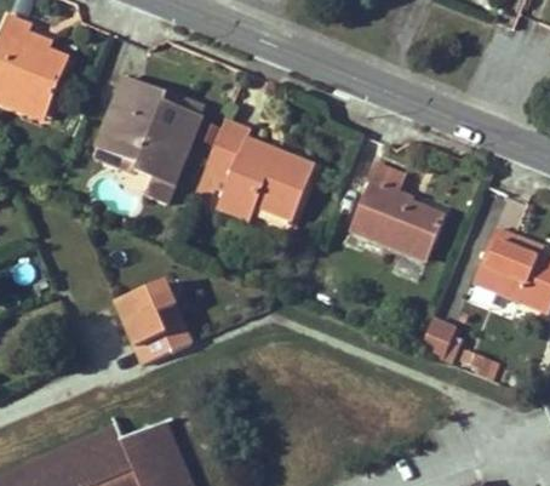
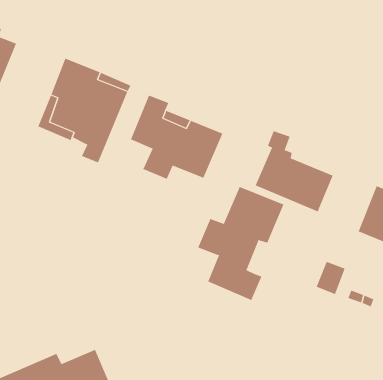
building: none -> [198,186,284,301]
building: [115,280,191,364] -> none

